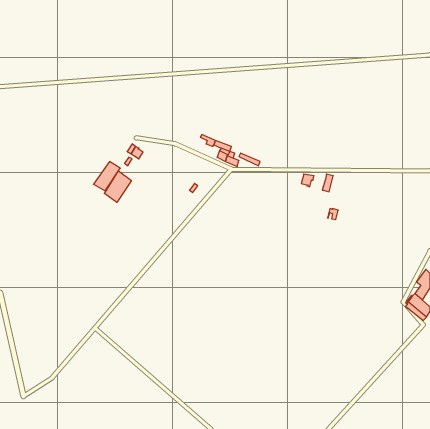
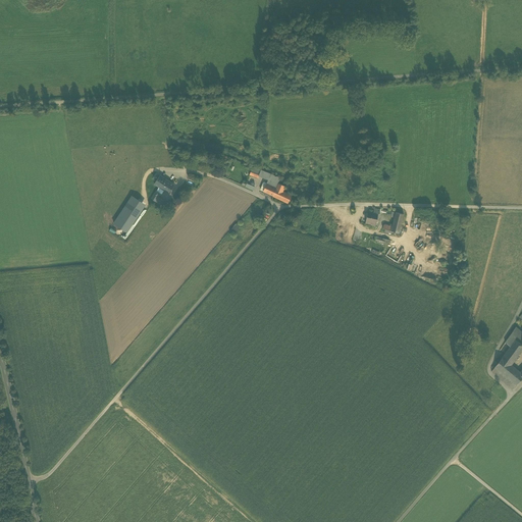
building: [104,171,131,202] -> none

